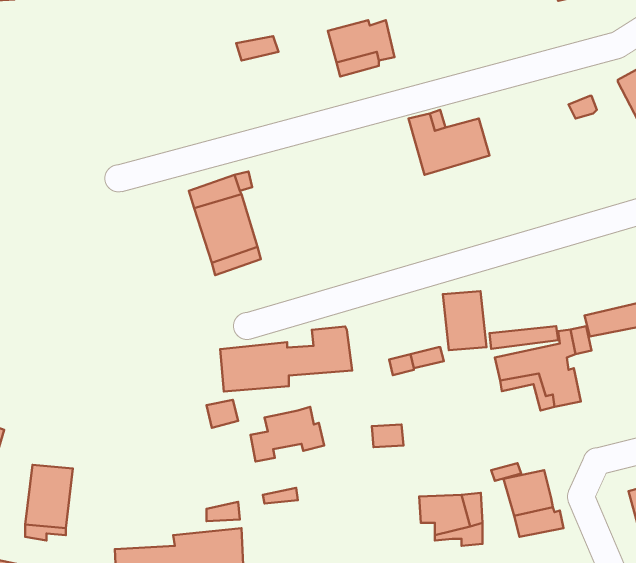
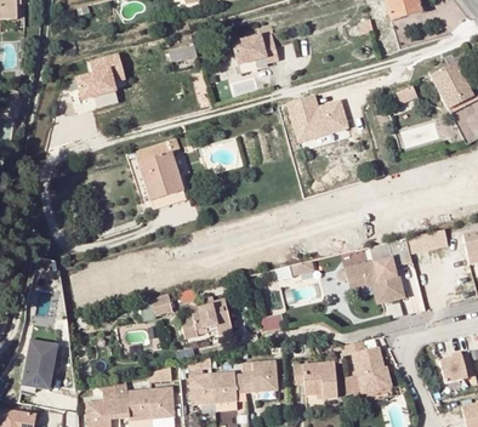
building: none -> [72,52,125,101]
building: [443,291,487,350] -> none
building: [220,326,352,391] -> [188,359,279,404]

